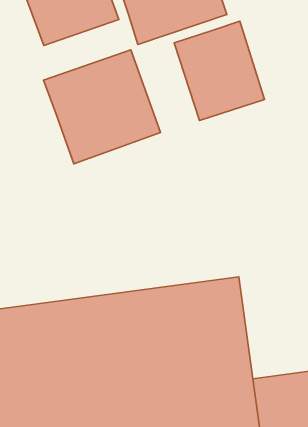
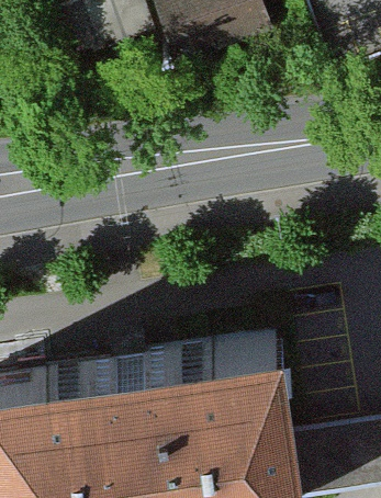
building: [174,21,265,121] -> none
building: [43,50,160,164] -> none

